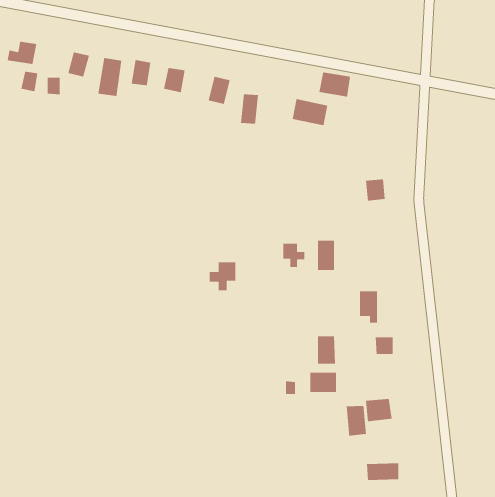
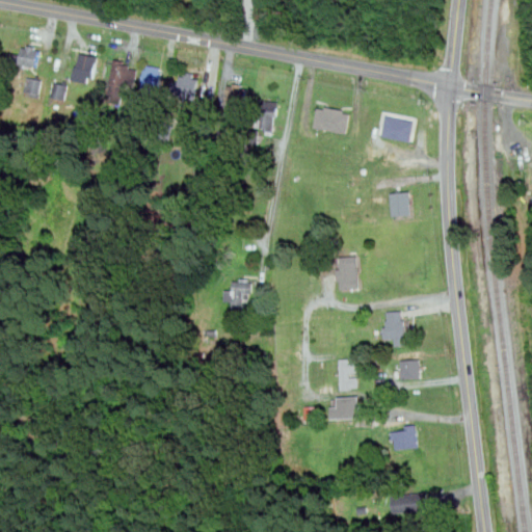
building: [319,72,351,97] -> [379,115,414,142]
building: [283,243,305,268] -> none
building: [346,405,367,436] -> none

